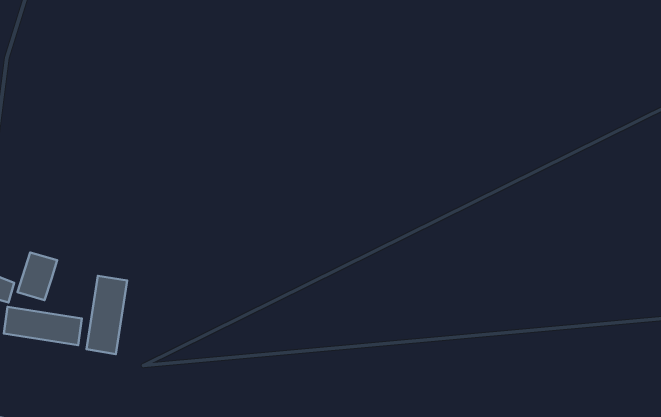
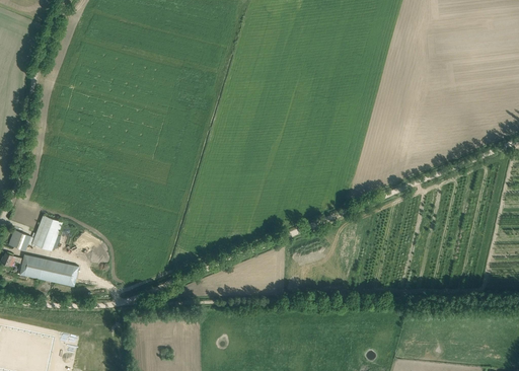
building: [86,276,127,354] -> none

